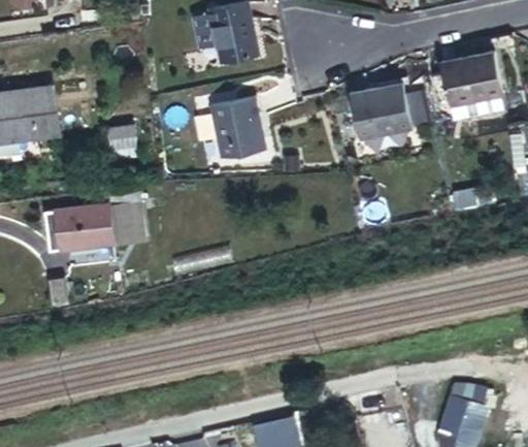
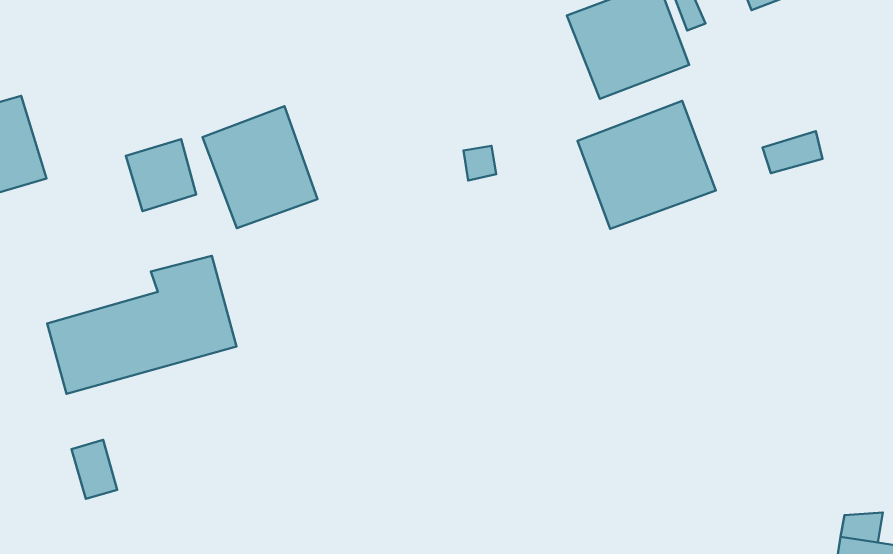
building: [209,97,265,158] -> [203,106,317,228]
building: none -> [578,101,716,229]

